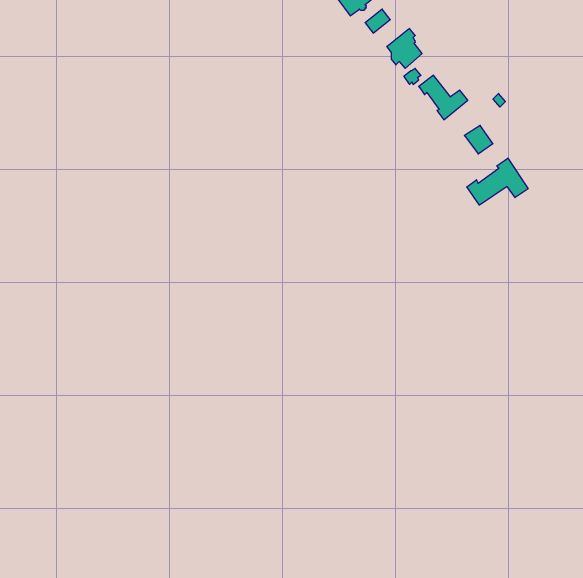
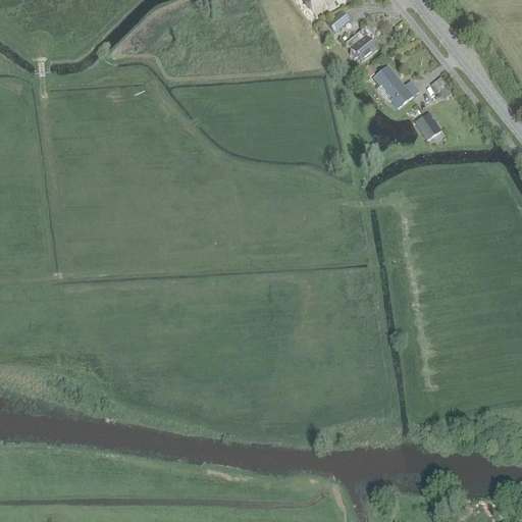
building: [467,158,528,205] -> none

